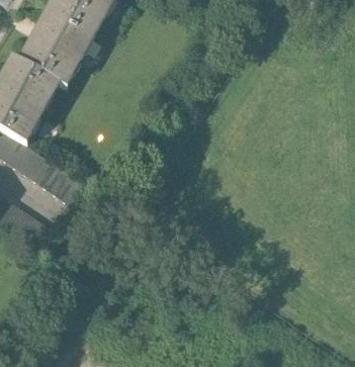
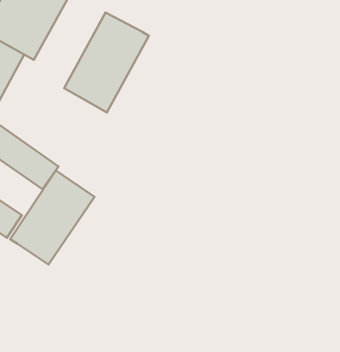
building: none -> [64,12,149,112]
building: none -> [10,170,95,264]

